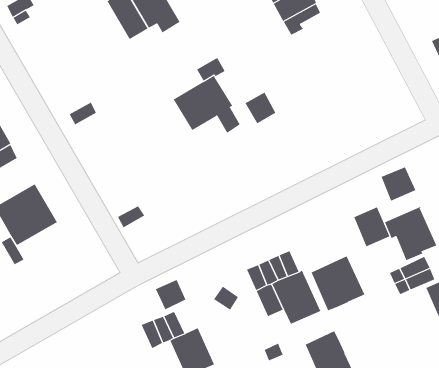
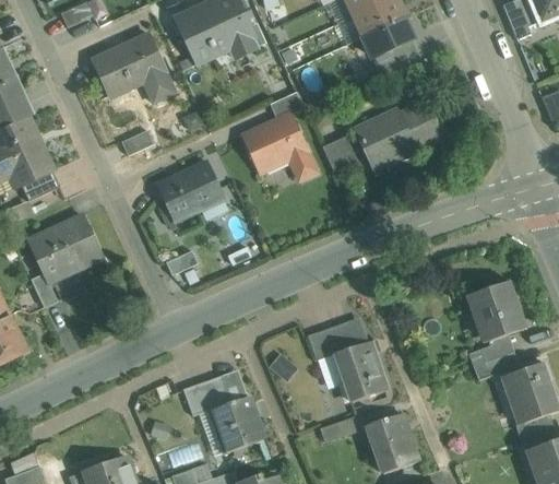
building: none -> [94,34,176,102]
building: none -> [355,101,443,162]
building: none -> [157,163,225,222]
building: [381,167,416,201] -> none
building: [353,207,390,247] -> none
building: [311,256,365,311] -> none
building: [155,279,186,310] -> none

